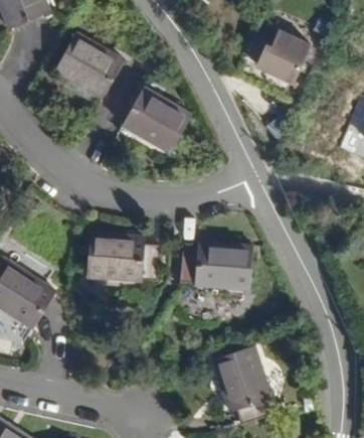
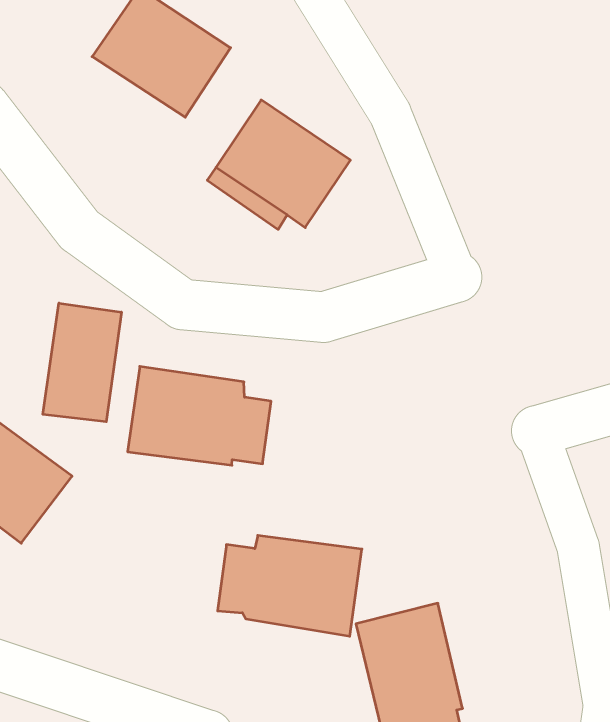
building: [249,39,302,84] -> none
building: none -> [43,303,121,422]
building: [181,241,254,290] -> [218,535,362,636]

